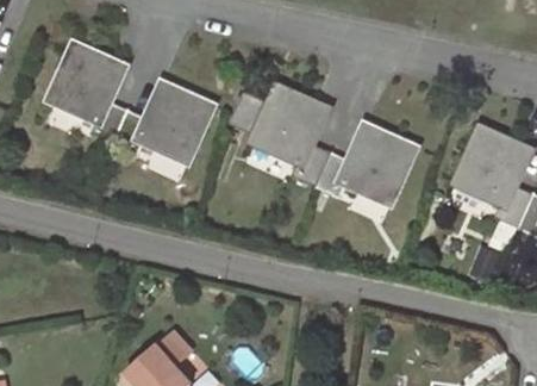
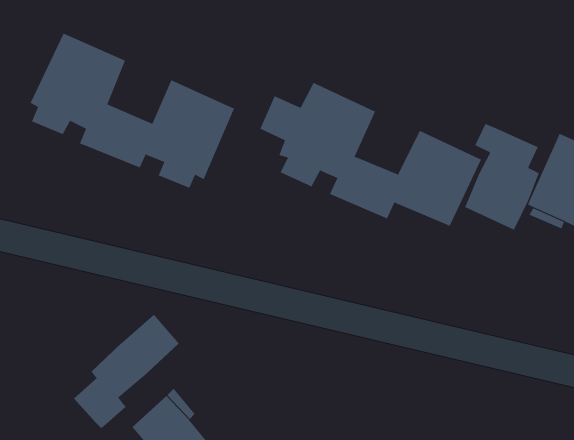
building: none -> [464,123,539,231]
building: none -> [73,314,180,429]

